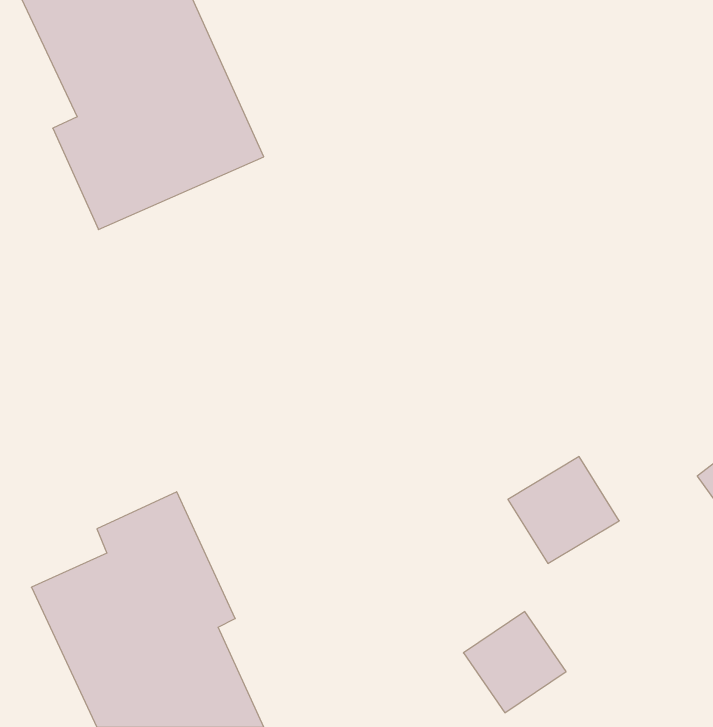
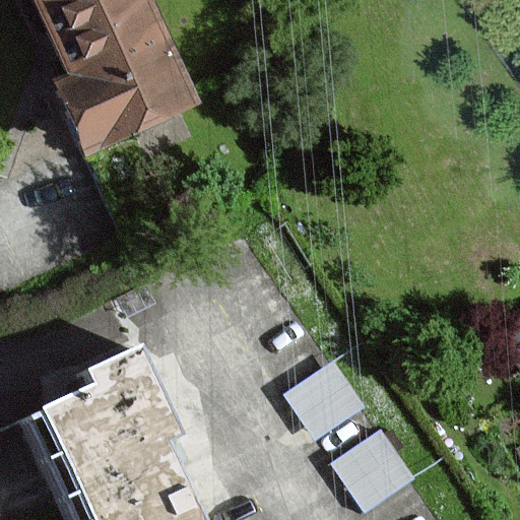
building: [508,457,619,563] -> [290,351,370,428]

